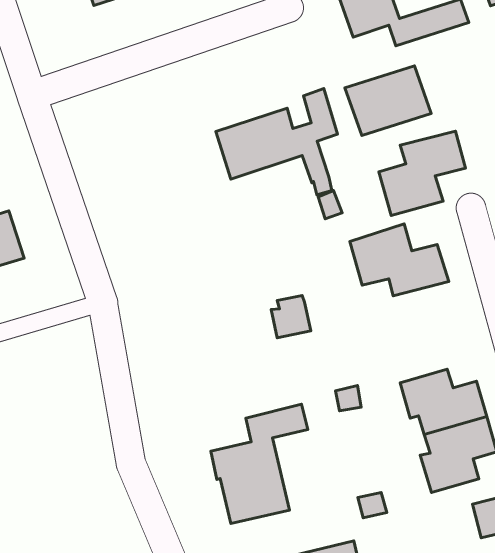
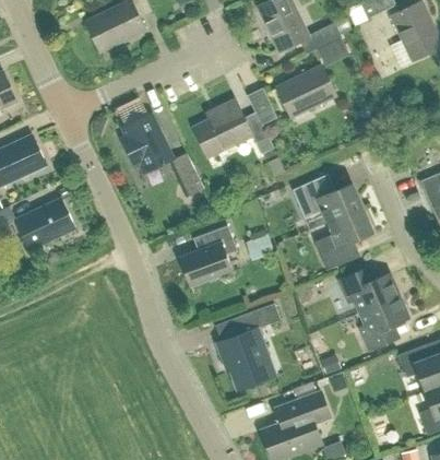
building: none -> [121,114,200,188]
building: [379,131,465,216] -> [314,208,372,270]
building: none -> [180,225,237,285]

